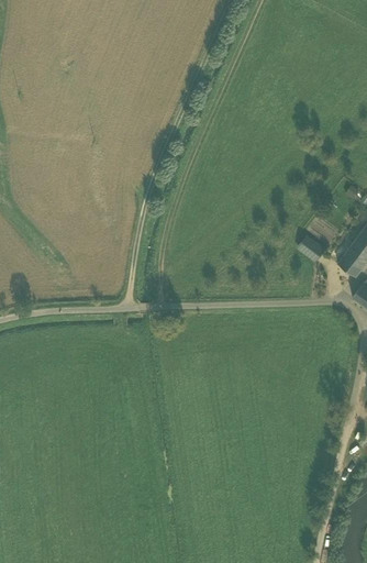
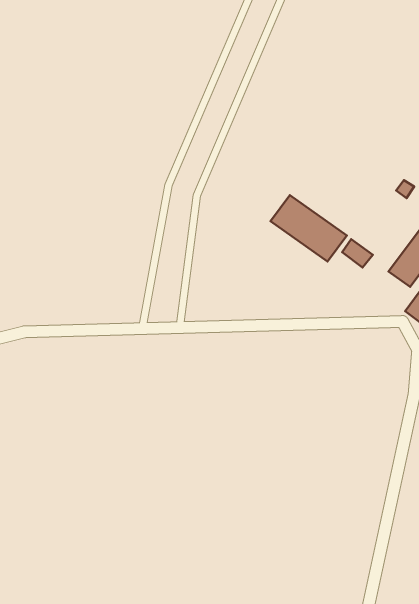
building: none -> [271,195,347,261]

